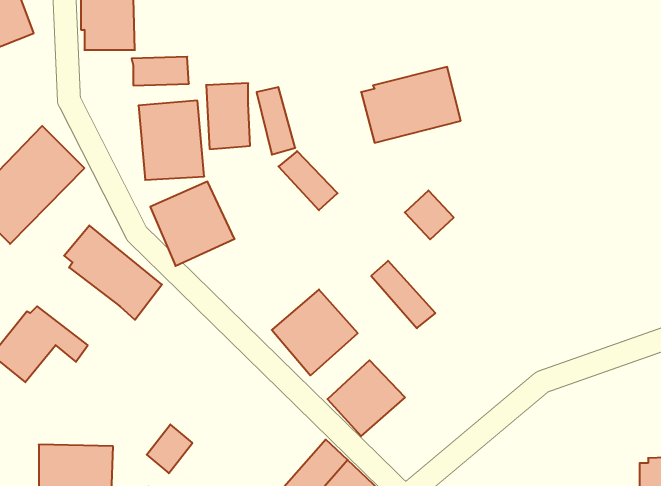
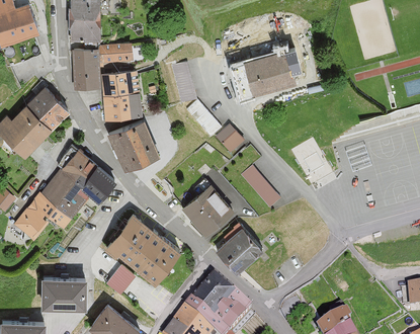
building: [206,83,250,149] -> [73,47,99,86]
building: [405,190,454,239] -> [215,121,244,151]
building: none -> [40,168,90,215]
building: none -> [104,211,179,278]

